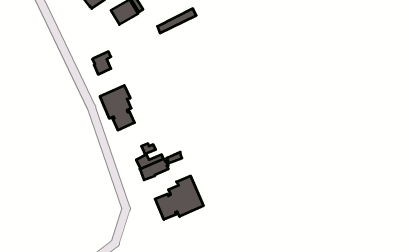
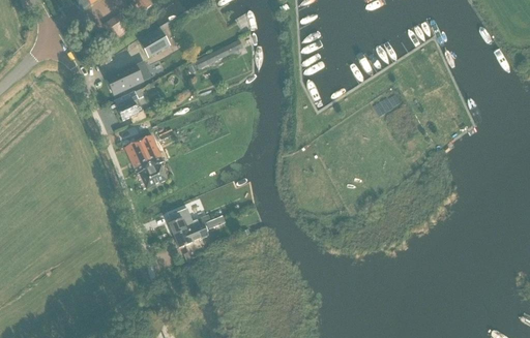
building: none -> [107,63,146,96]
building: [155,176,203,220] -> none

